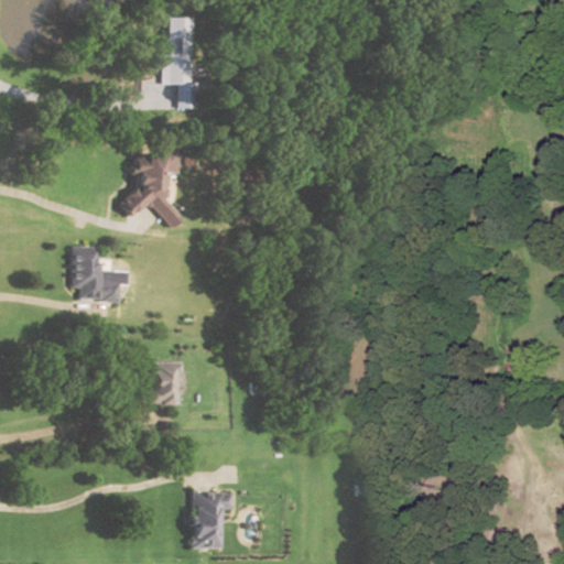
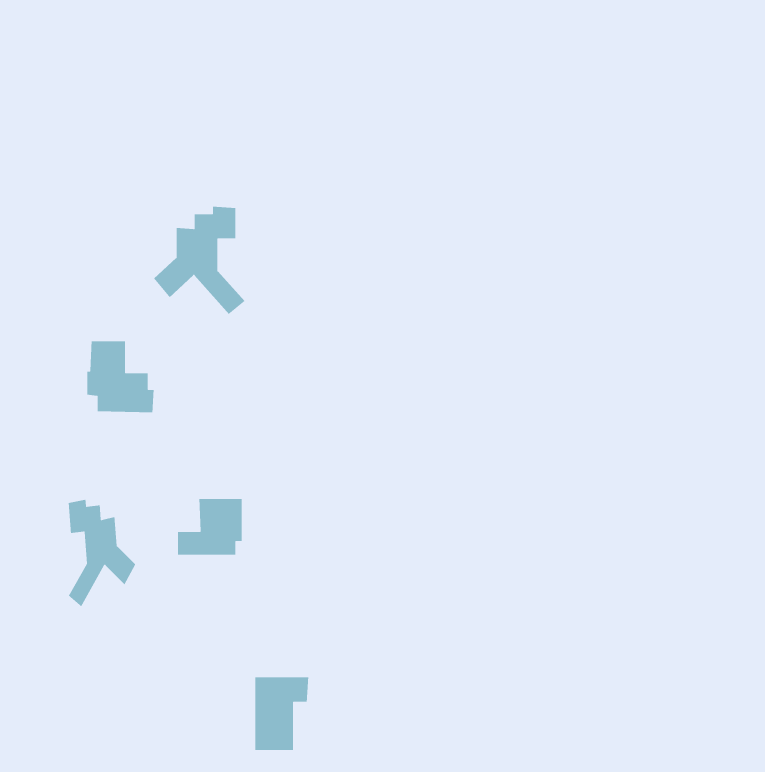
building: [162,18,198,108] -> none
building: none -> [68,499,136,608]

